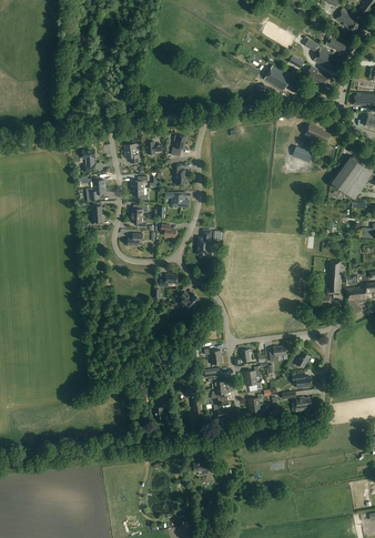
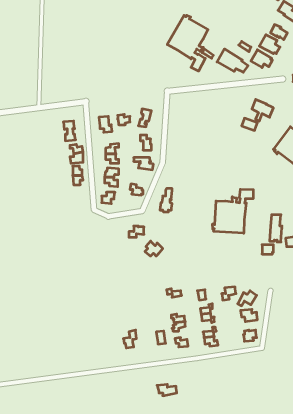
building: none -> [167,15,208,71]
building: none -> [213,189,253,233]

